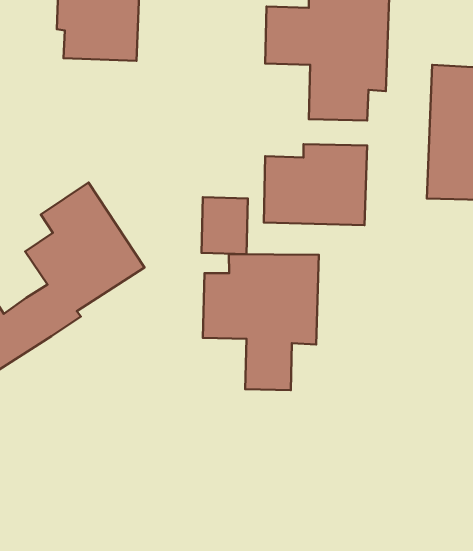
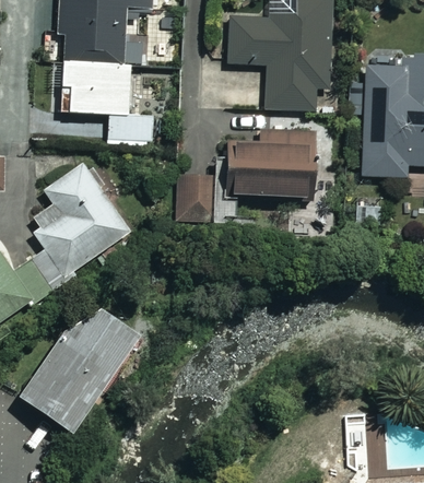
building: none -> [61,60,153,141]
building: [203,254,319,390] -> none
building: none -> [20,307,141,433]

